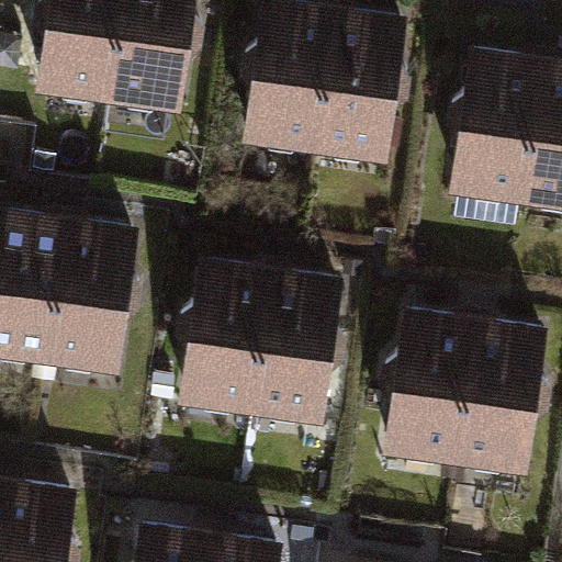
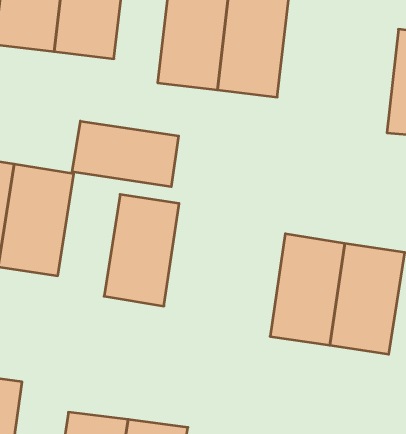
building: [451,49,539,184] -> none
building: none -> [72,121,179,187]
building: [250,271,342,408] -> none

